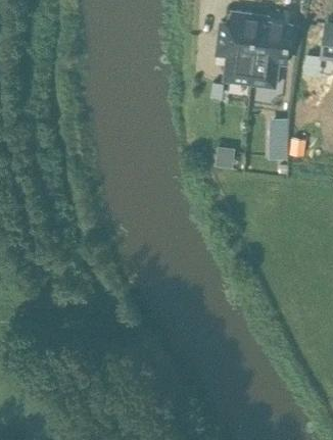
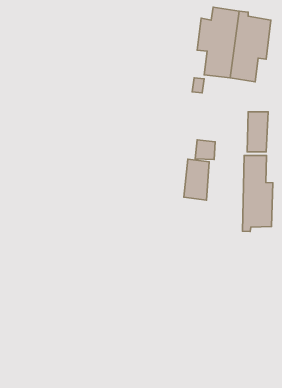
building: none -> [242,155,273,231]
building: none -> [184,159,209,200]

